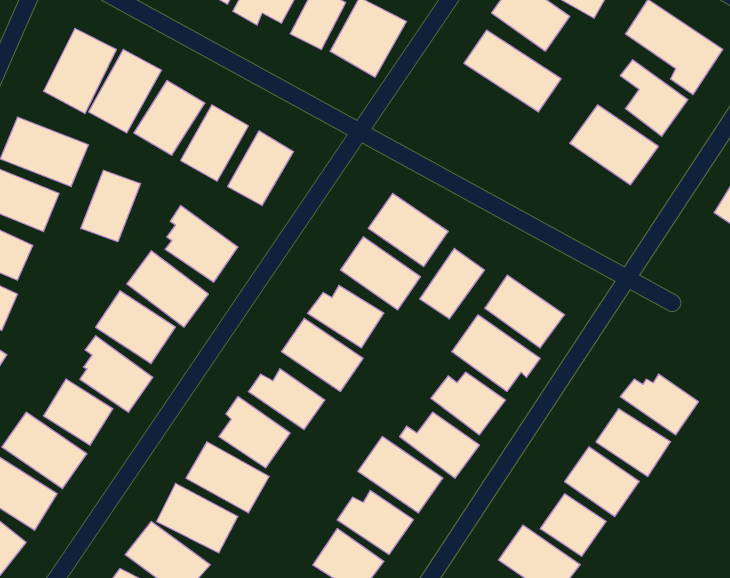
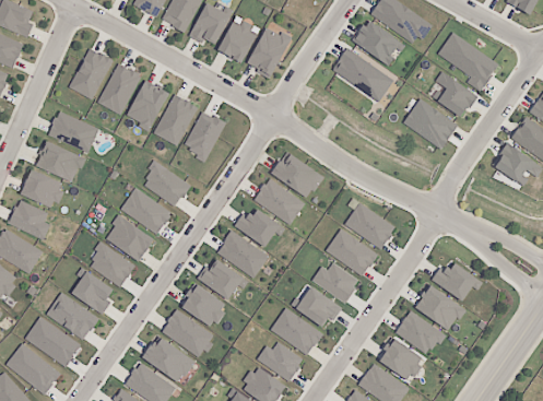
building: [81,170,140,242] -> none
building: [420,248,484,319] -> none

